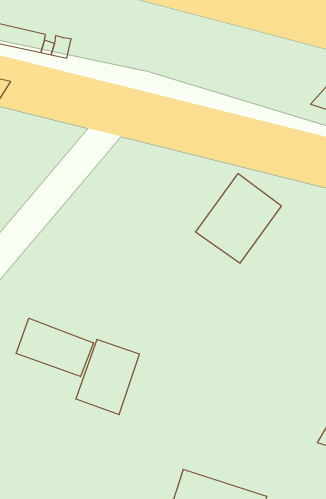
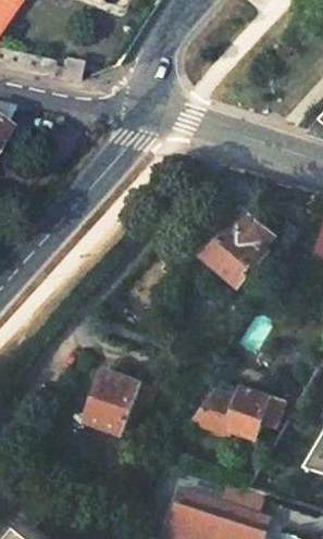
building: [16,318,93,377] -> none
building: none -> [191,383,285,440]

